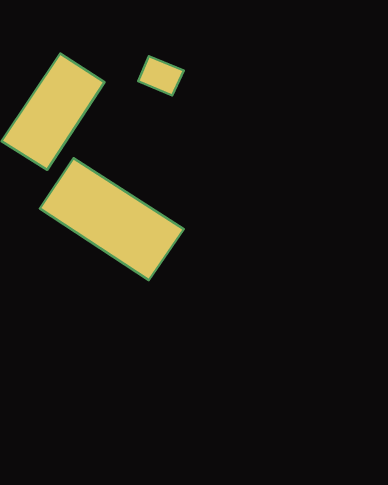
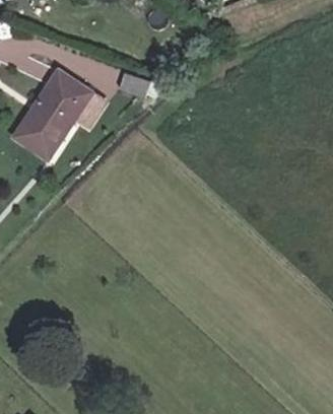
building: [40,158,184,280] -> none

